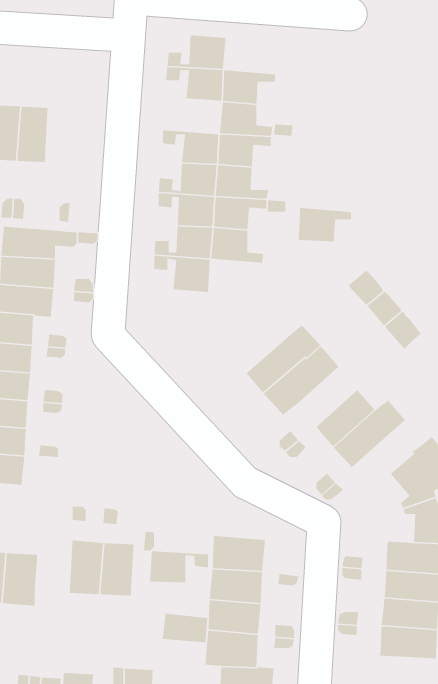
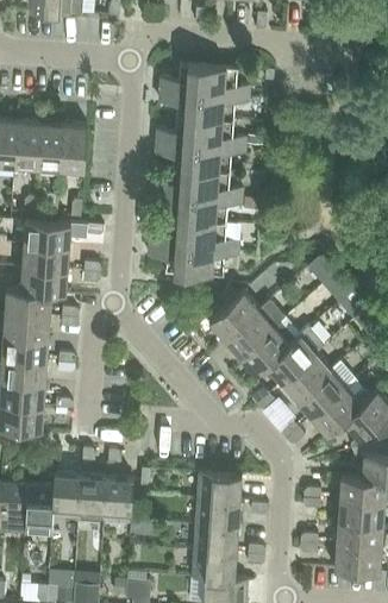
building: none -> [206,67,250,96]
building: none -> [156,117,205,145]
building: none -> [61,124,88,171]
building: [298,207,352,242] -> [194,247,238,276]
building: none -> [208,289,258,340]
building: none -> [265,327,324,384]
building: none -> [311,378,370,435]
building: none -> [52,475,82,520]
building: [149,551,209,583] -> none
building: [162,613,208,643] -> none

